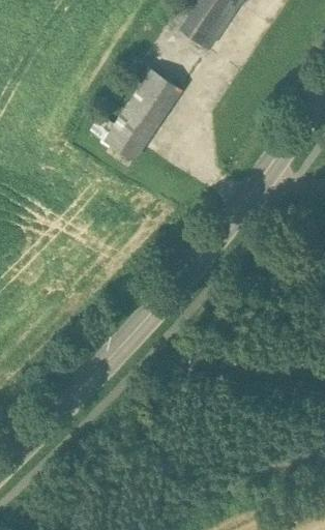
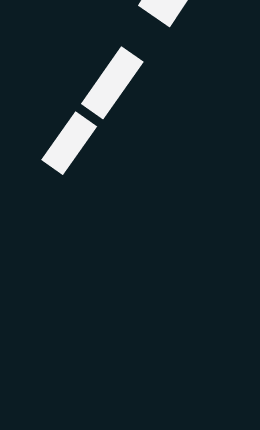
building: none -> [40,110,98,176]

